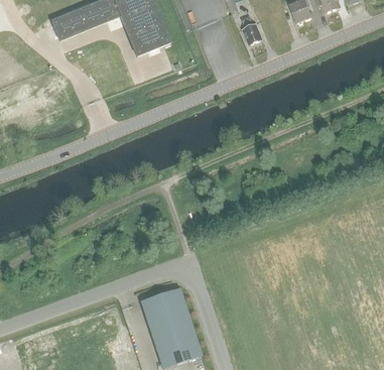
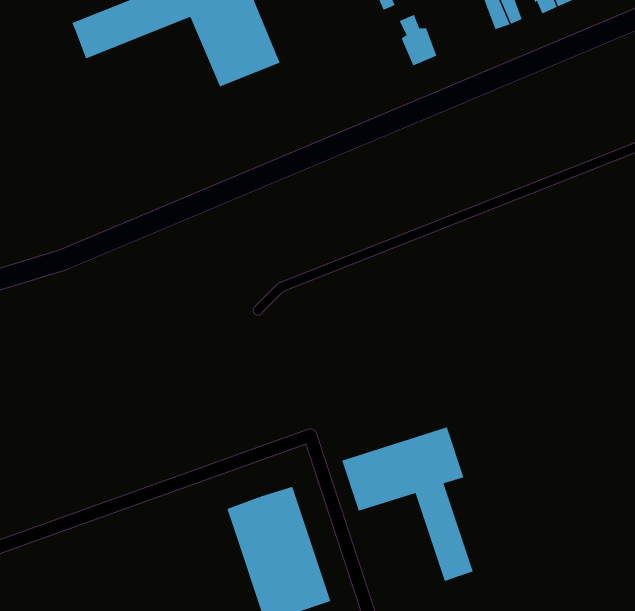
building: none -> [341,426,474,582]

